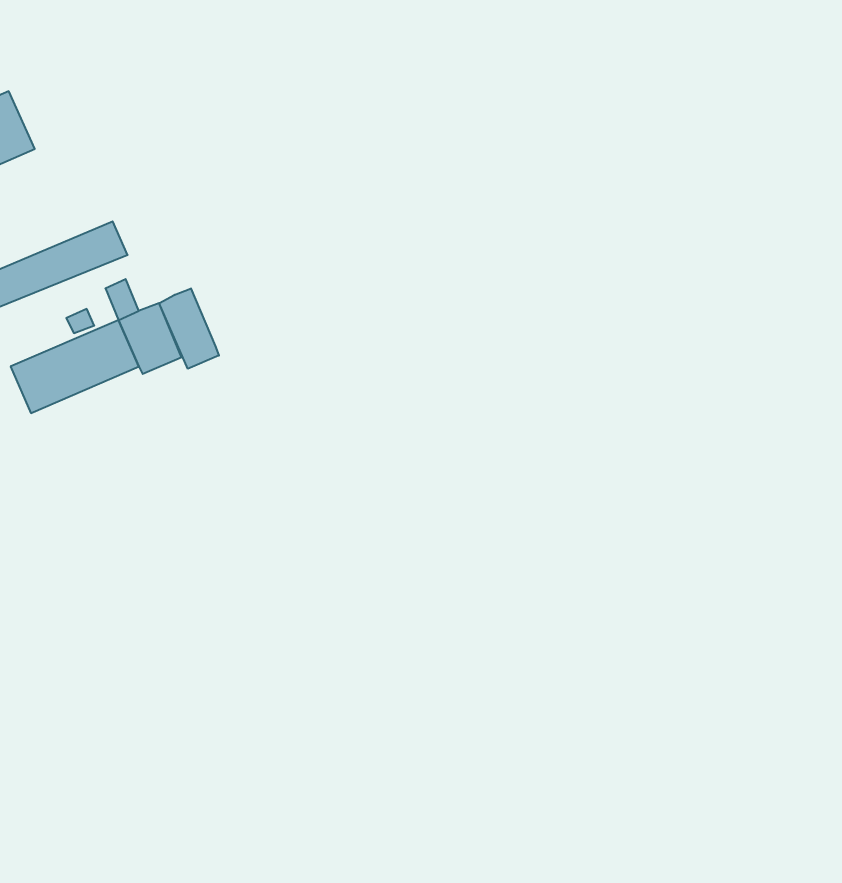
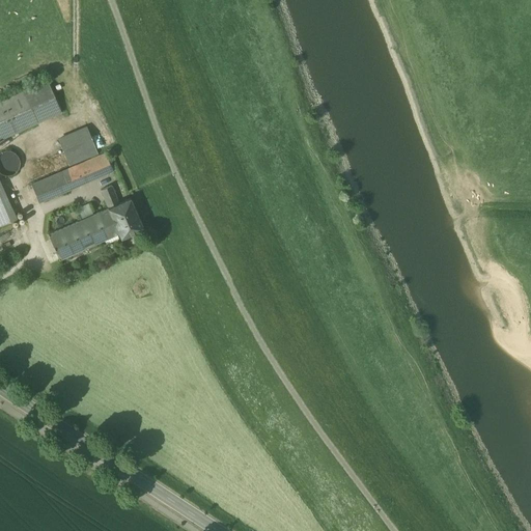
building: none -> [59,127,99,165]
building: [159,288,219,369] -> none

